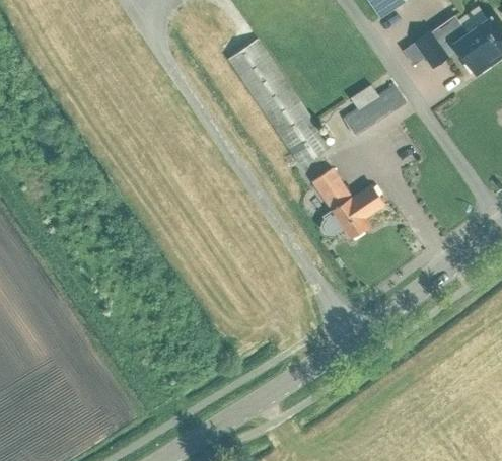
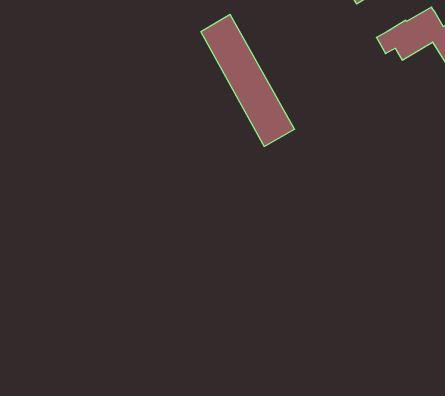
building: [343,85,406,136] -> none
building: [312,168,384,238] -> none

